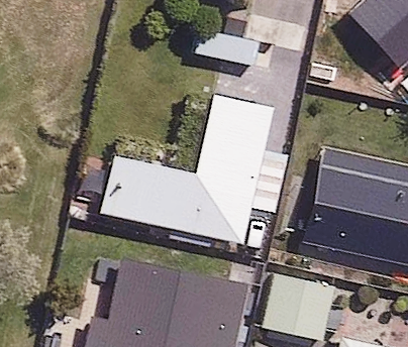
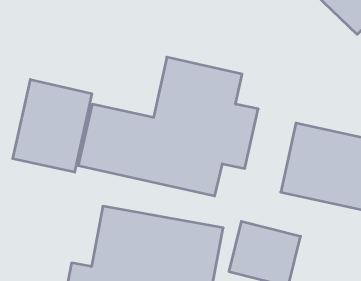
building: none -> [13,79,92,172]

